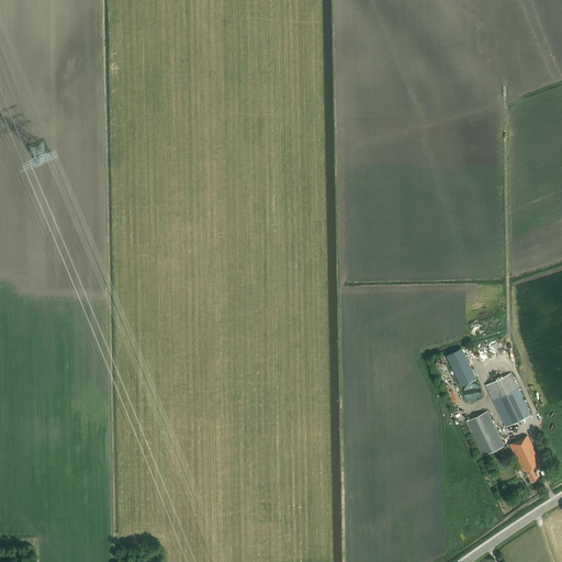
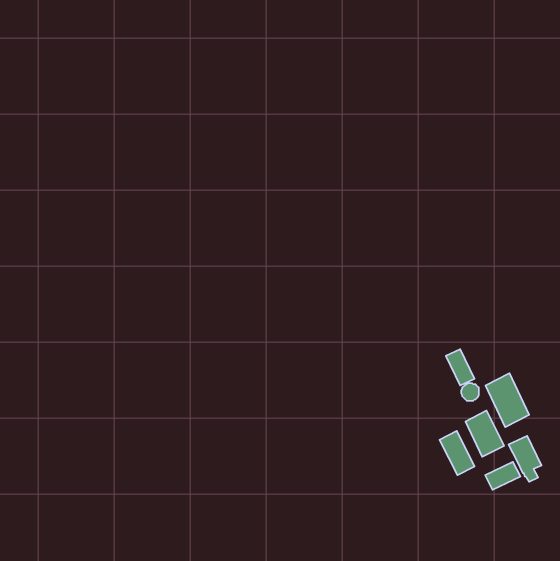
building: none -> [440,431,475,475]
building: none -> [485,462,520,490]

